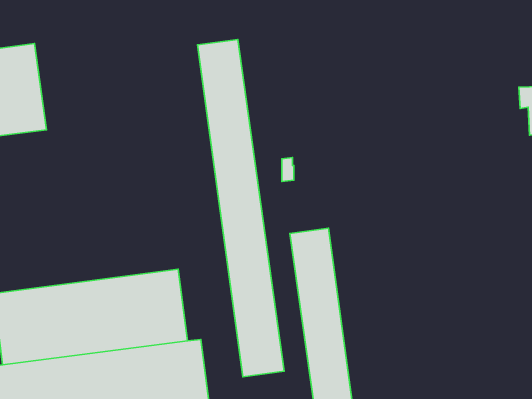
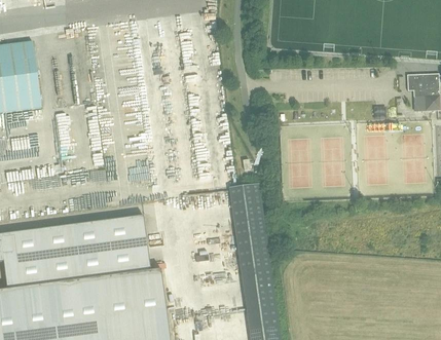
building: [198,40,284,377] -> none

